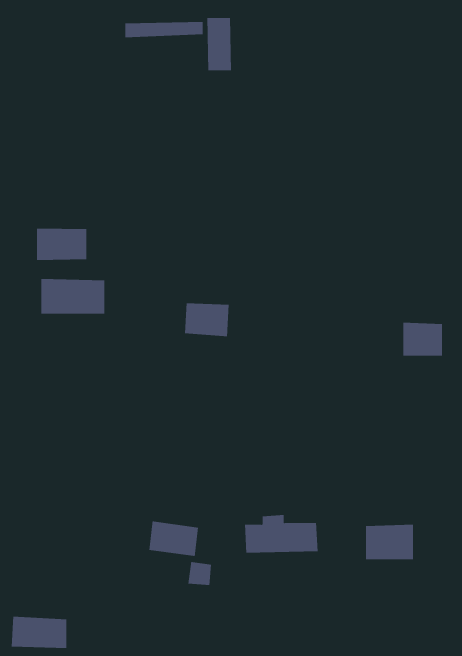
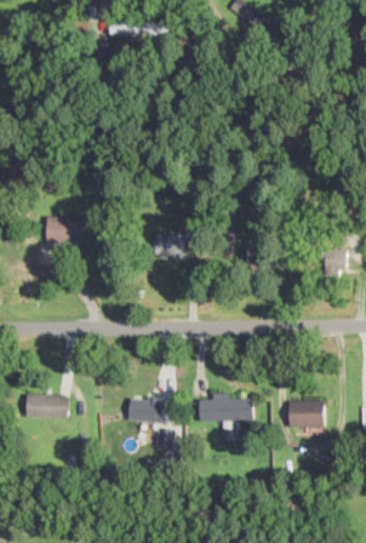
building: [207,17,232,71] -> none
building: [37,228,87,261] -> none
building: [11,616,67,648] -> [24,394,67,418]

